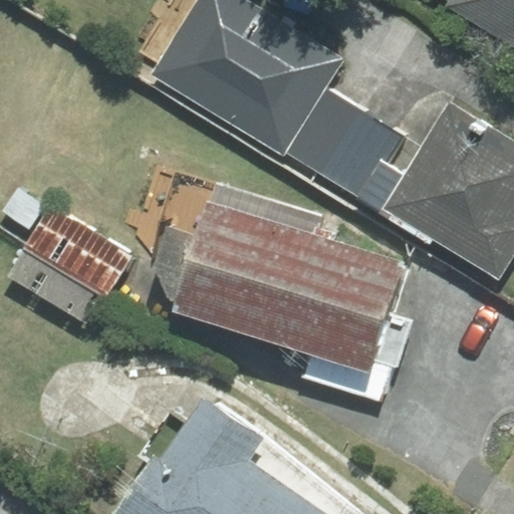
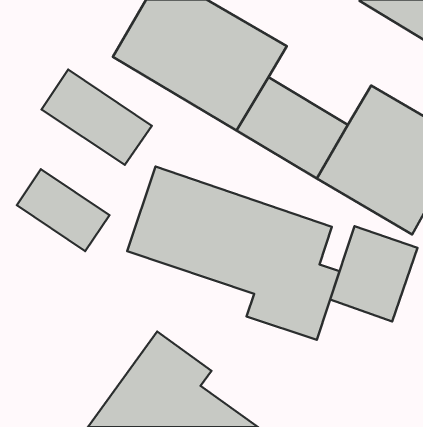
building: none -> [42,70,152,165]
building: none -> [330,226,417,321]

